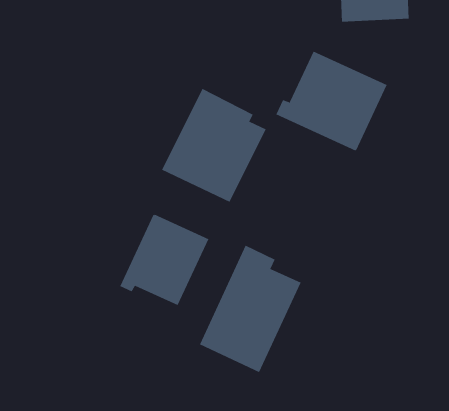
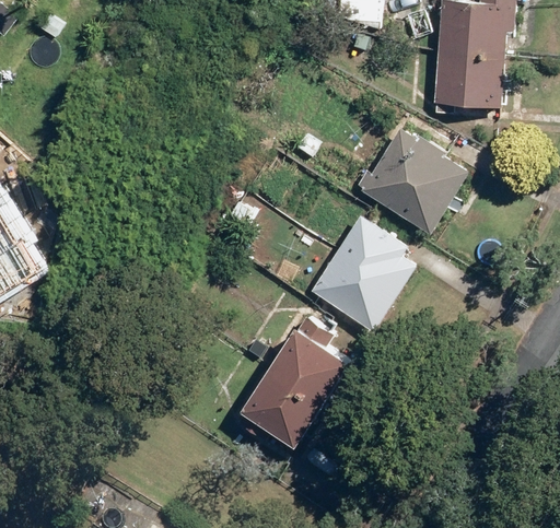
building: [161,88,266,203] -> [308,214,419,332]
building: [120,214,209,306] -> none

